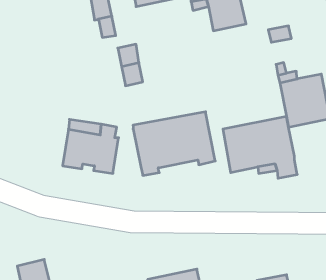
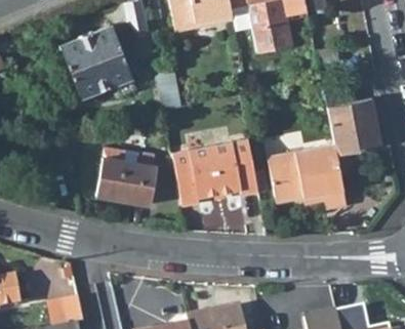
building: none -> [60,24,140,99]

